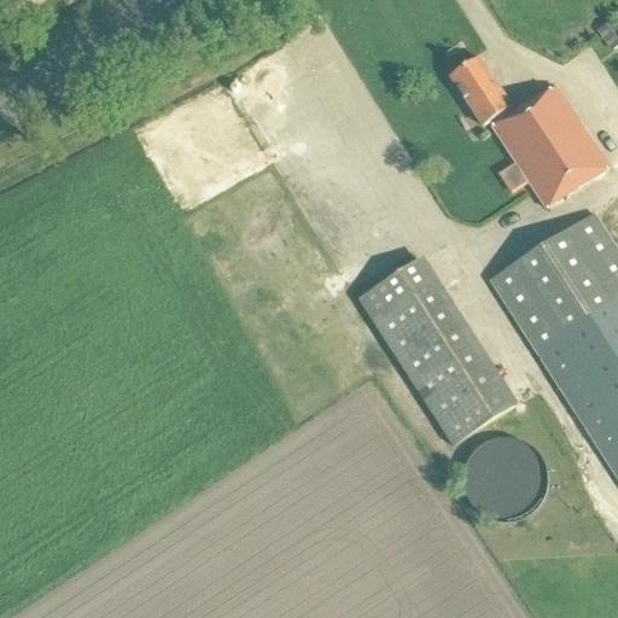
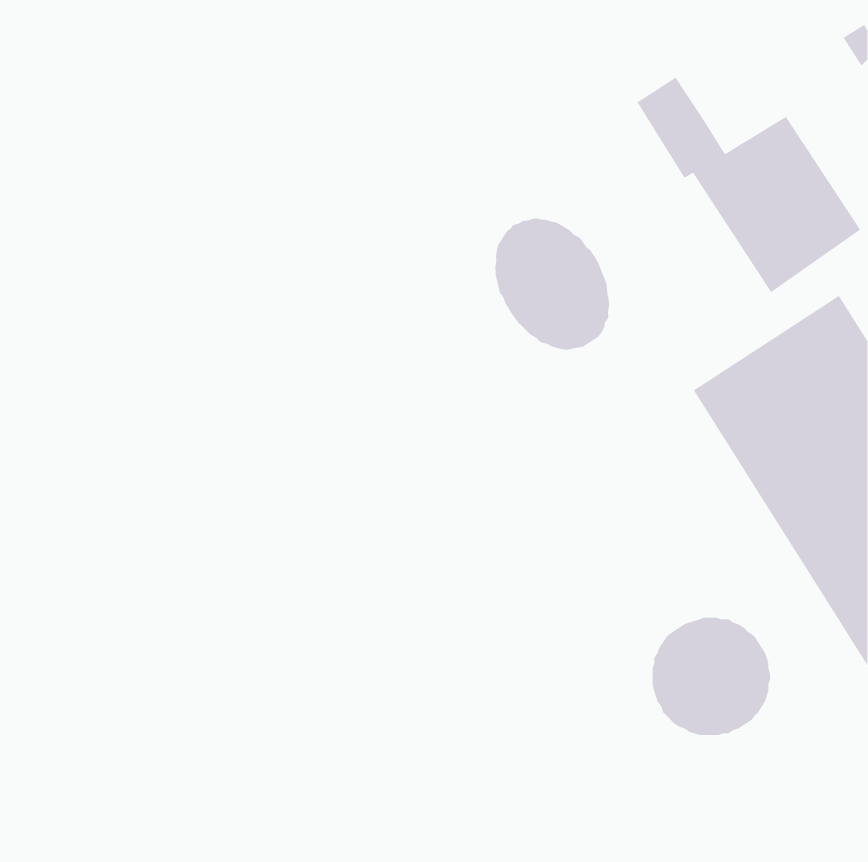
building: none -> [494,217,610,350]
building: [358,258,514,444] -> none

